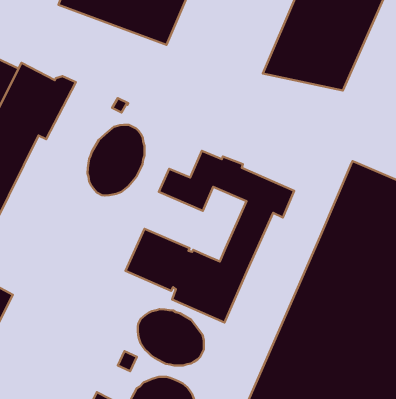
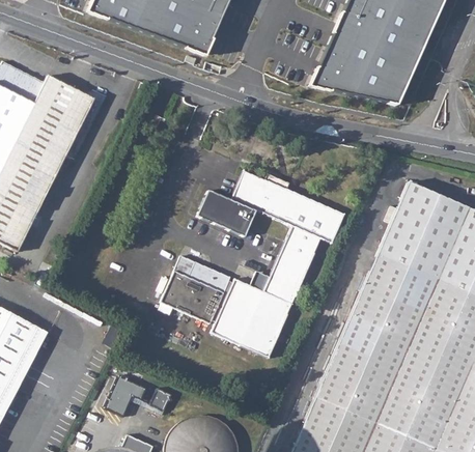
building: [87,125,144,195] -> none
building: [138,309,204,366] -> none
building: none -> [108,376,146,415]

